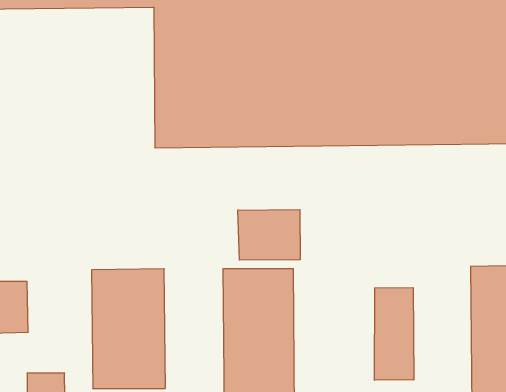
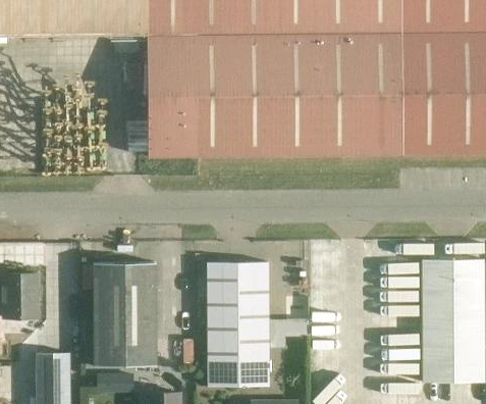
building: [238,210,300,260] -> none
building: [374,288,414,380] -> none

